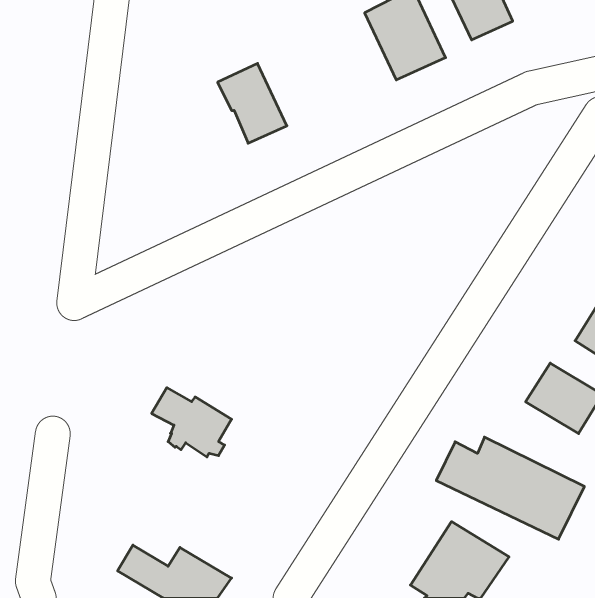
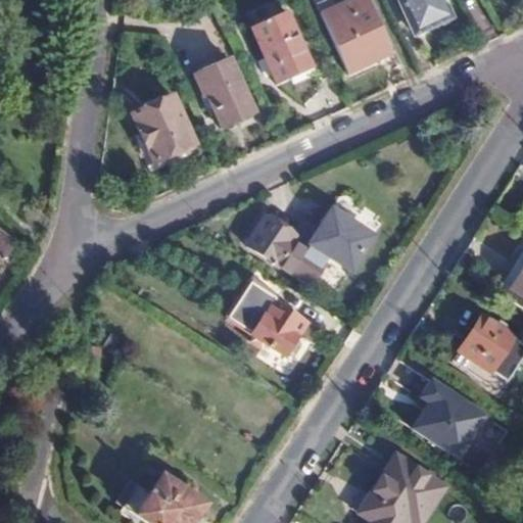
building: none -> [253,7,316,82]
building: none -> [133,91,193,158]
building: none -> [247,208,375,284]
building: [152,388,232,457] -> [239,291,308,351]

